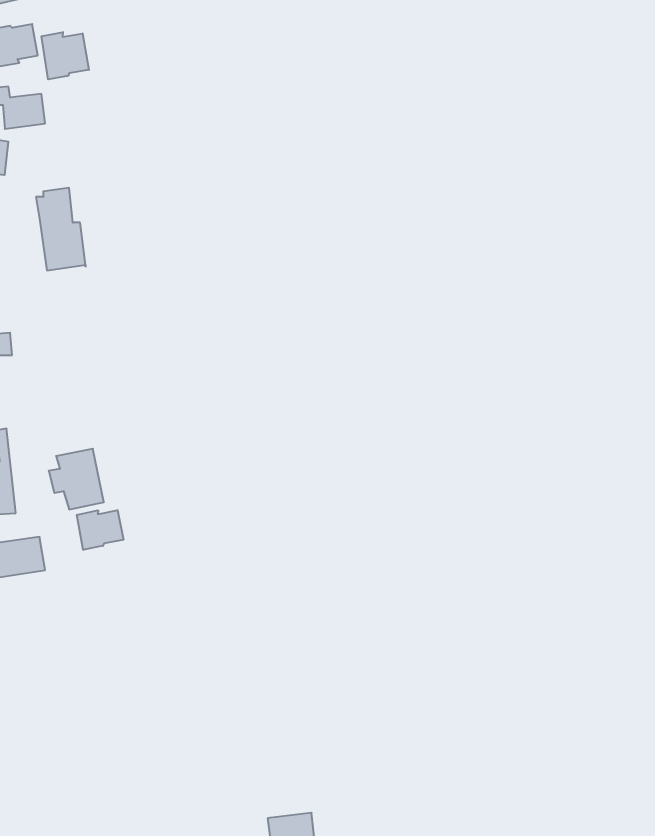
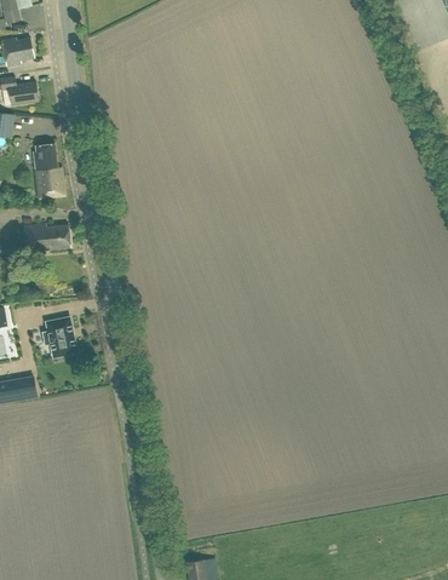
building: [41,32,89,79] -> none
building: none -> [23,224,69,253]
building: [77,510,123,550] -> none

